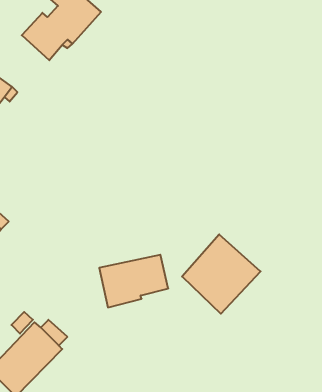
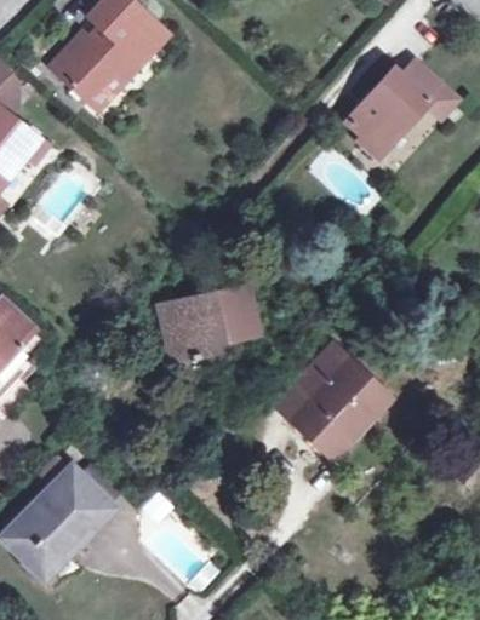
building: none -> [348,63,456,155]
building: [99,255,168,307] -> [160,287,257,361]

